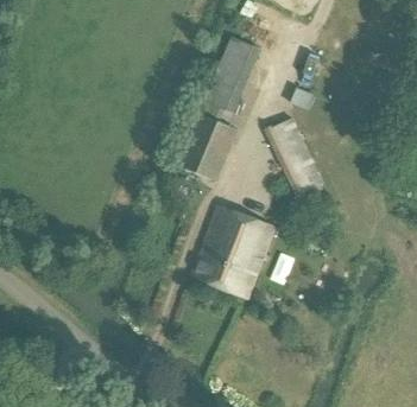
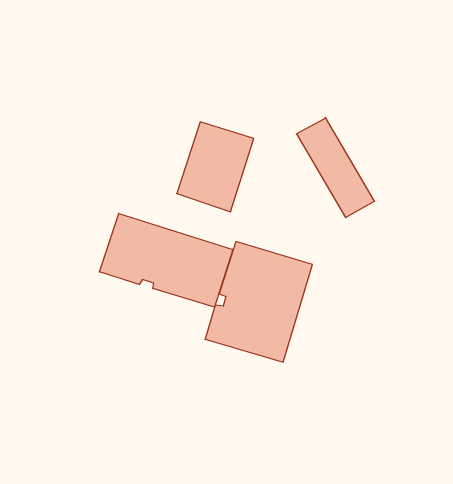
building: [203,36,261,113] -> none
building: none -> [99,213,233,307]

